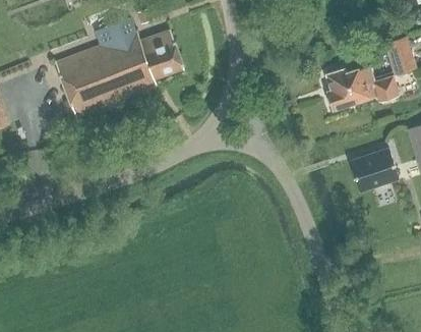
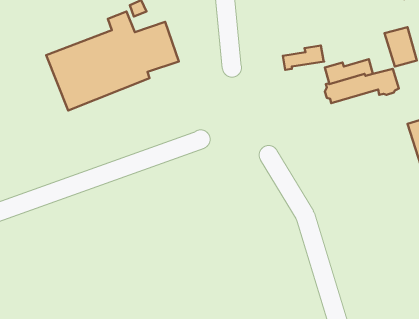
building: none -> [283,46,324,70]
building: [350,149,398,190] -> none

